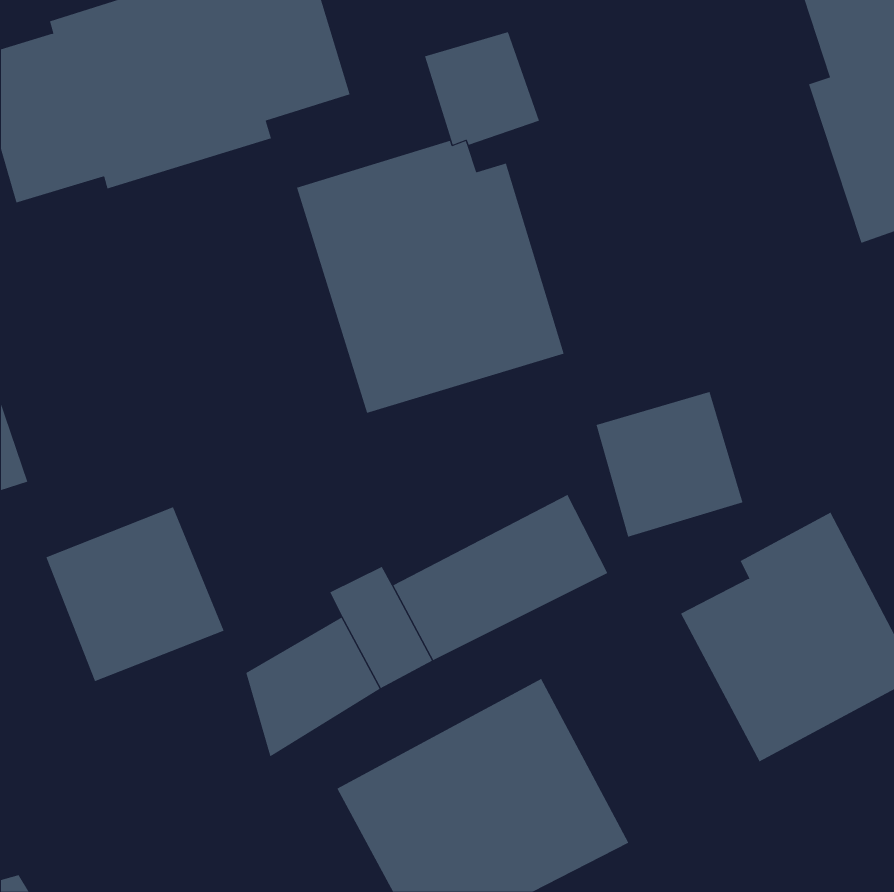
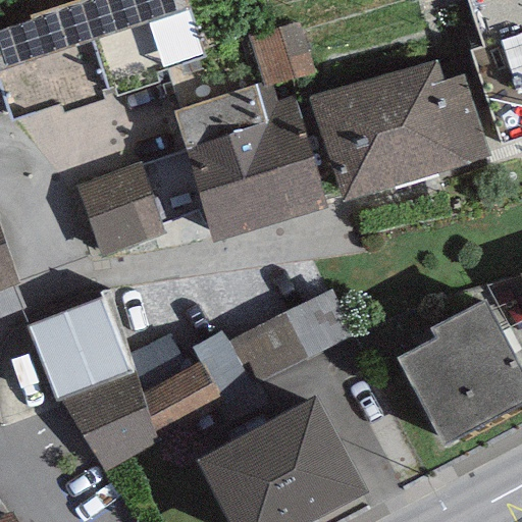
building: none -> [310,59,488,200]
building: none -> [74,169,166,258]
building: [596,391,743,537] -> none
building: none -> [64,370,158,469]

